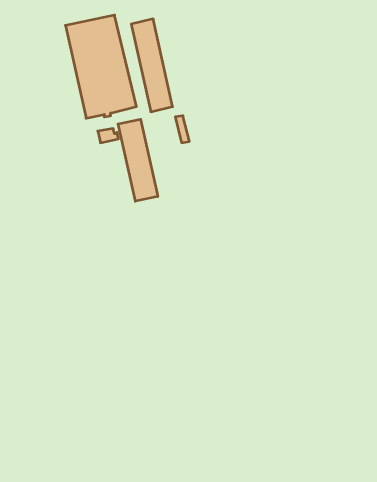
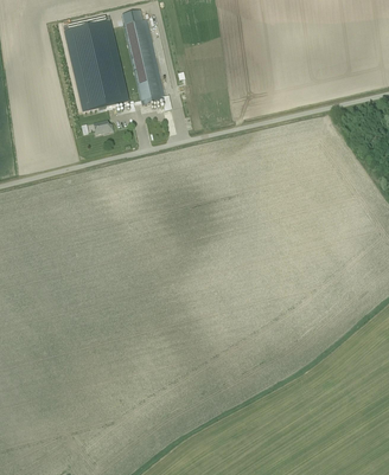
building: [118,119,158,201] -> none

